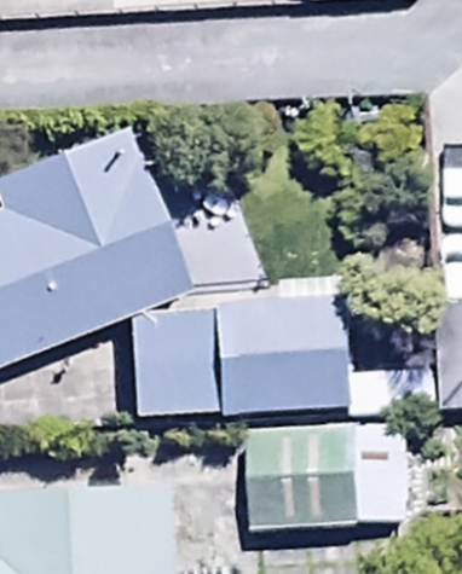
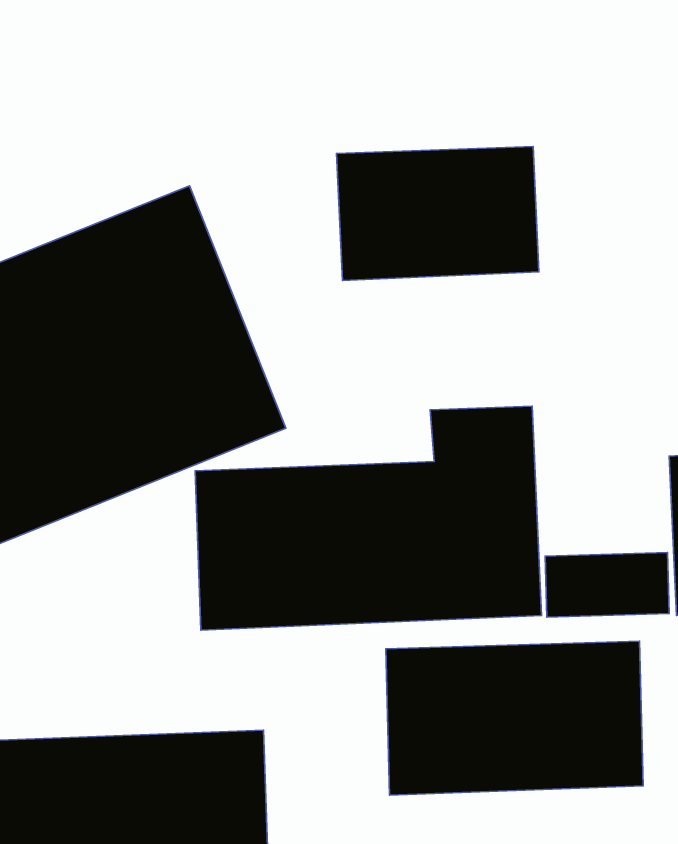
building: none -> [337,147,539,281]

